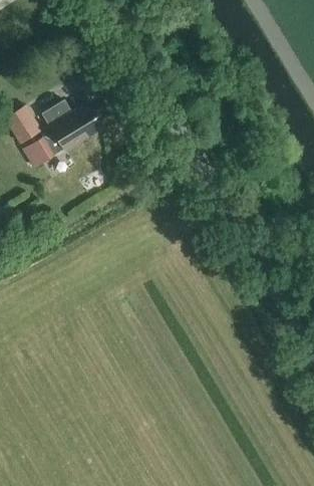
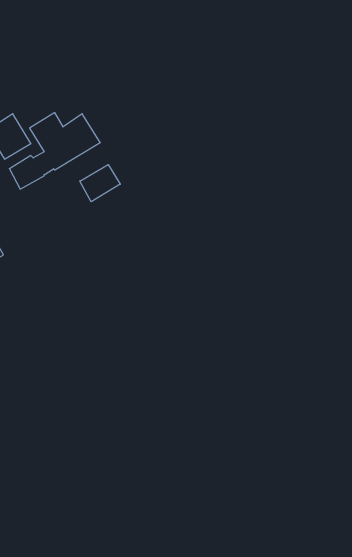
building: none -> [80,165,120,202]

